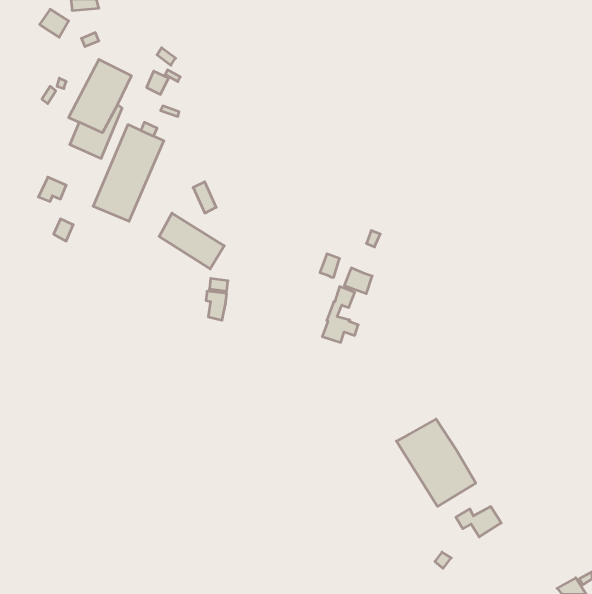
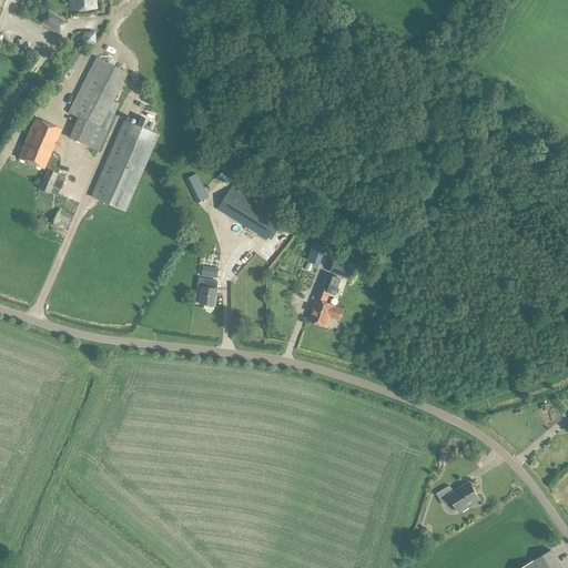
building: none -> [16,118,59,169]
building: [159,213,224,269] -> [216,186,278,240]
building: [396,419,476,506] -> none

